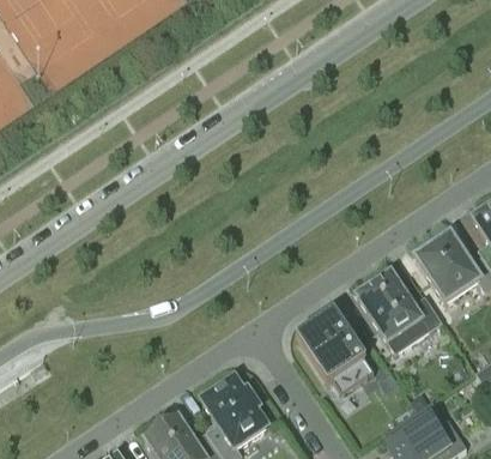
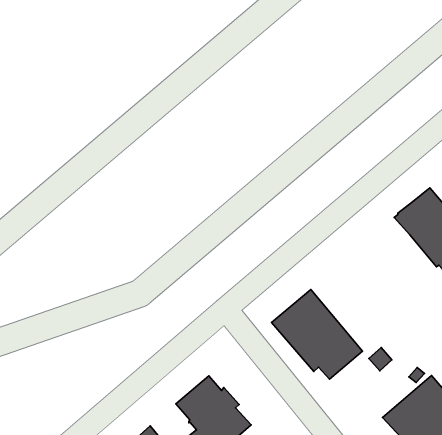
building: [357,271,442,351] -> none

